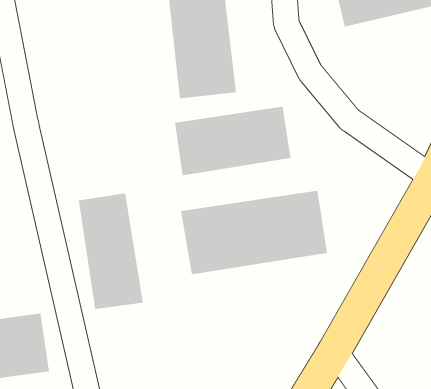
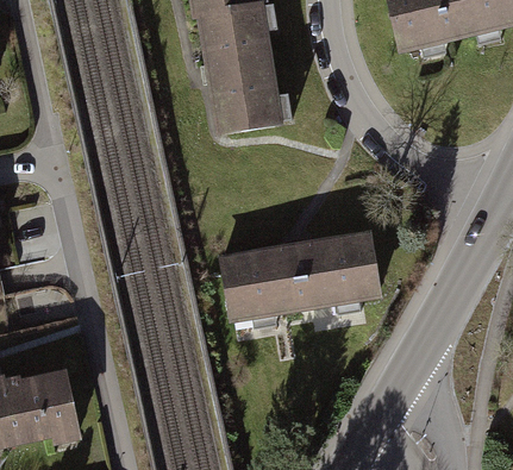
building: [174,106,291,176] -> none
building: [78,192,143,310] -> none

